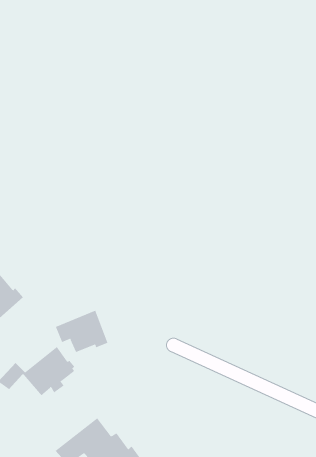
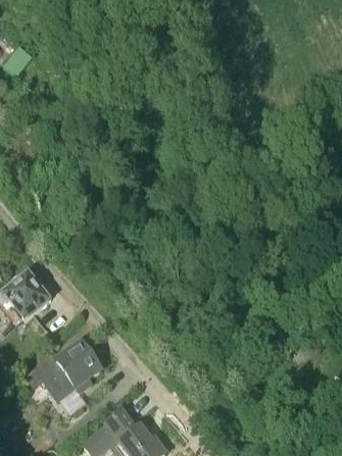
building: [55,310,108,353] -> none

